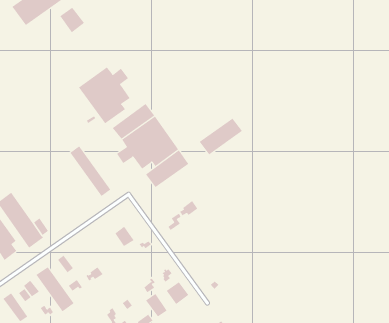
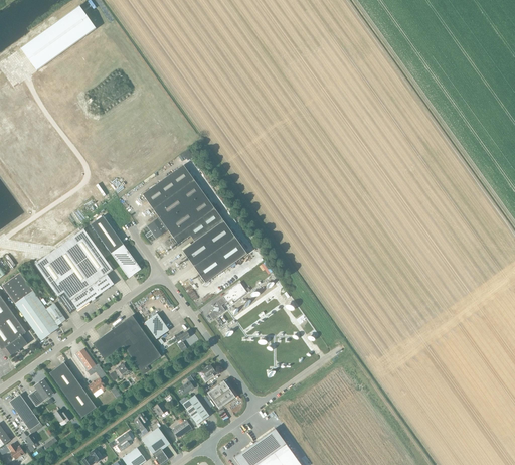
building: [59,7,85,33] -> none
building: [78,66,131,124] -> none
building: [199,118,243,155] -> [194,238,247,283]
building: none -> [34,228,114,314]
building: none -> [93,315,161,370]

